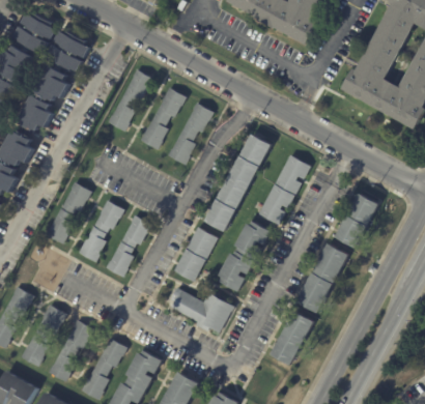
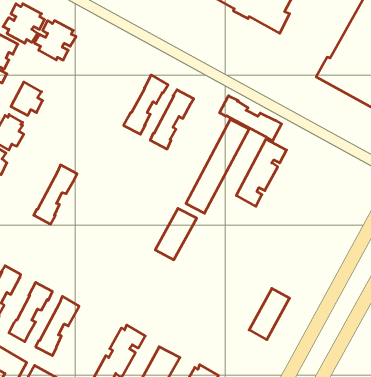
building: [36,65,70,102] -> none
building: [107,69,152,132] -> none
building: none -> [220,96,282,141]
building: [335,192,378,247] -> none
building: [78,199,123,261] -> none
building: [105,214,150,277] -> none
building: [218,221,271,291] -> none
building: [295,242,348,313] -> none
building: [169,287,232,333] -> none
building: [80,337,125,399] -> none

